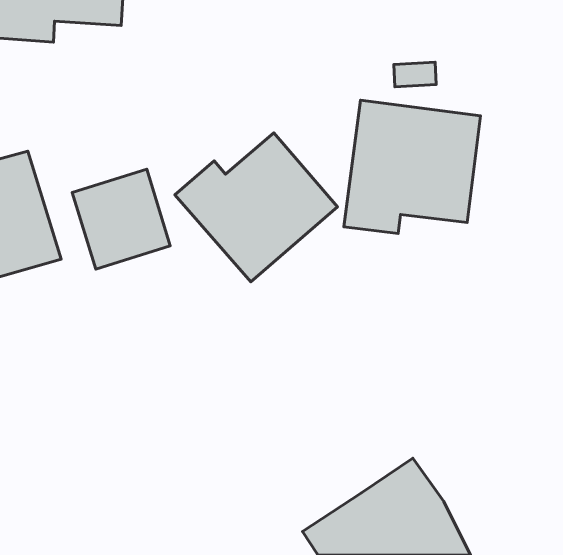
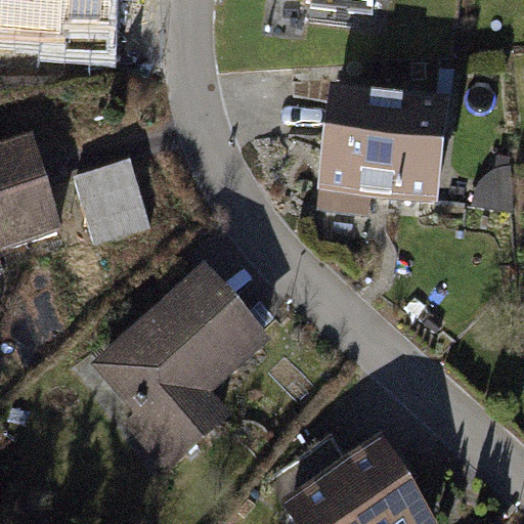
building: [175,133,337,282] -> none
building: none -> [89,270,265,464]

